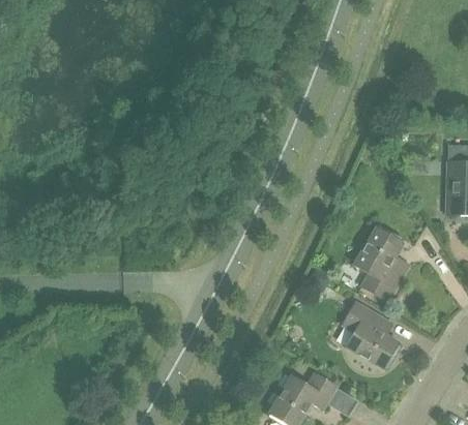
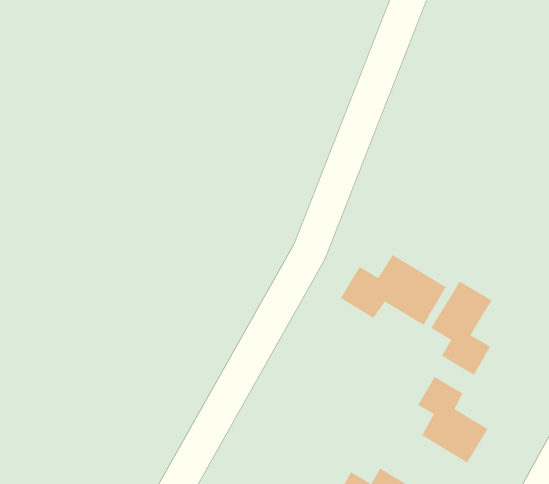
building: none -> [340,254,447,326]

